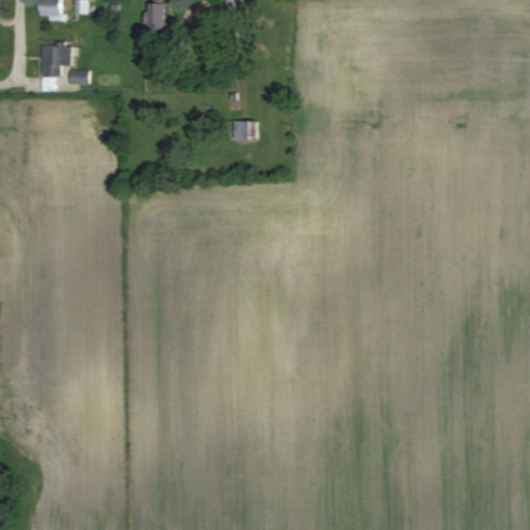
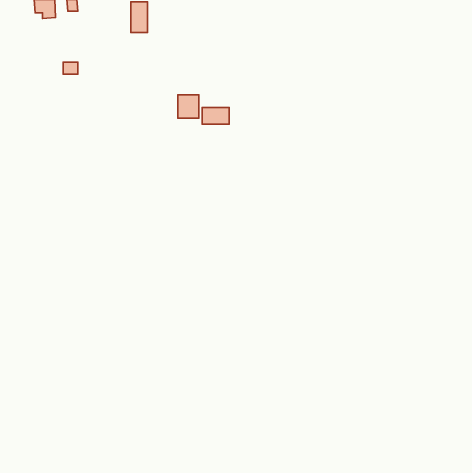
building: [41,45,70,76] -> none
building: none -> [178,95,199,118]

